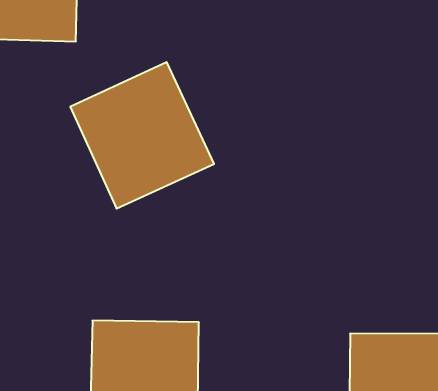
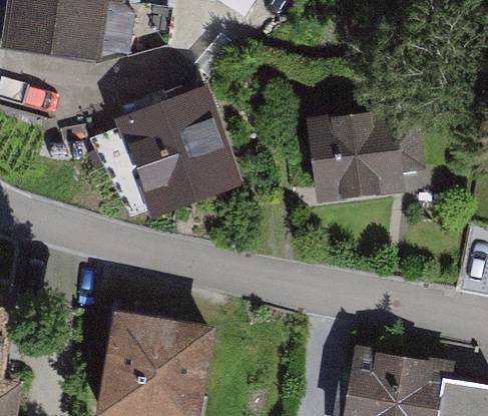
building: none -> [308,107,410,203]

